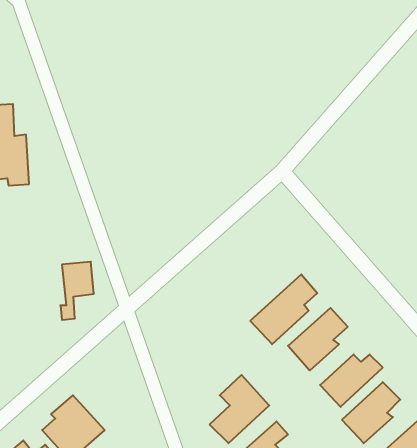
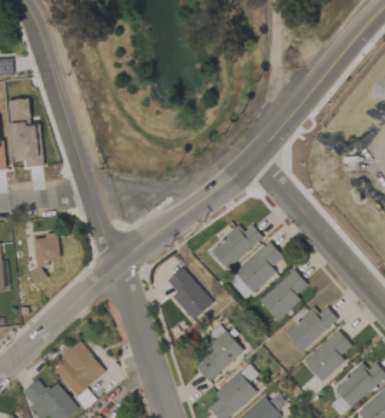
building: none -> [212,224,264,270]
building: [60,262,94,320] -> [33,235,61,284]
building: none -> [167,268,214,321]

